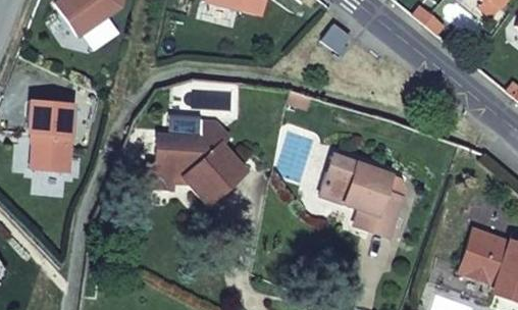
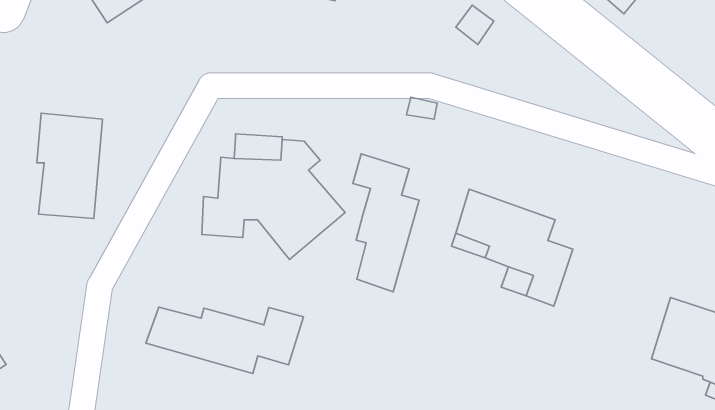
building: none -> [353,154,419,292]
building: none -> [146,307,304,373]

